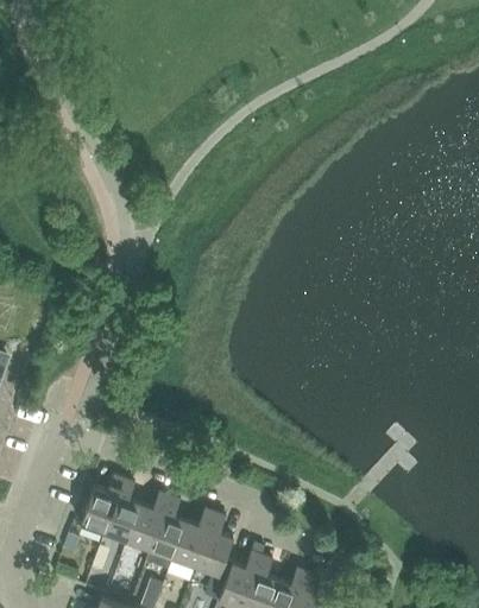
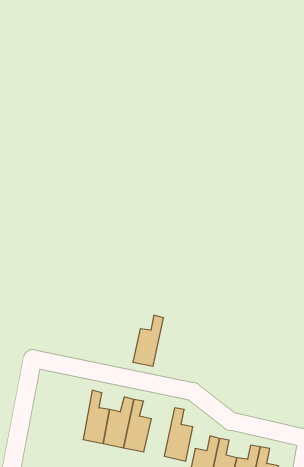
building: [81,476,124,534] -> none
building: [172,509,215,568] -> [133,315,164,366]

